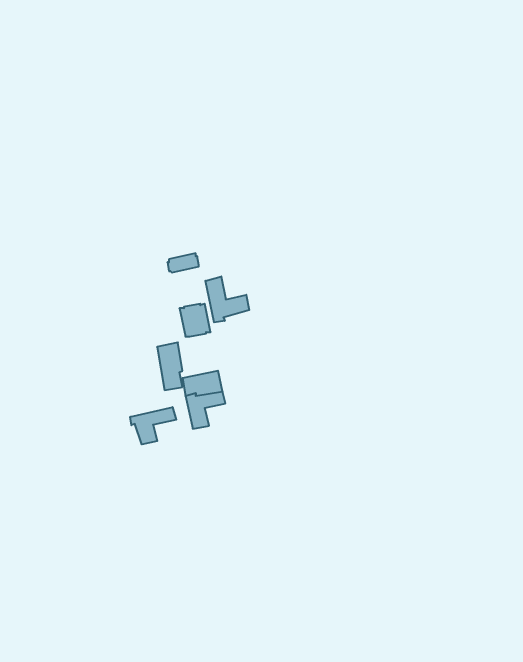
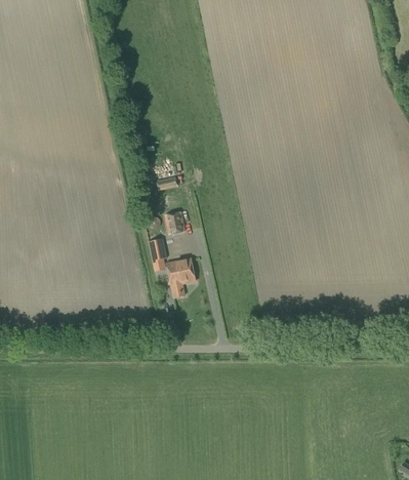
building: [205,276,249,322] -> none
building: [130,407,176,444] -> none

